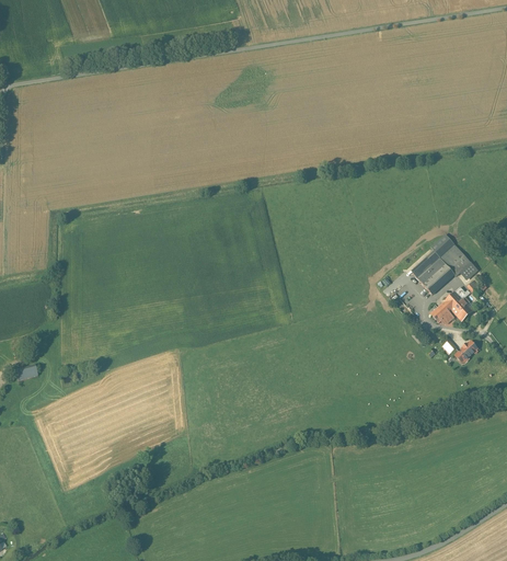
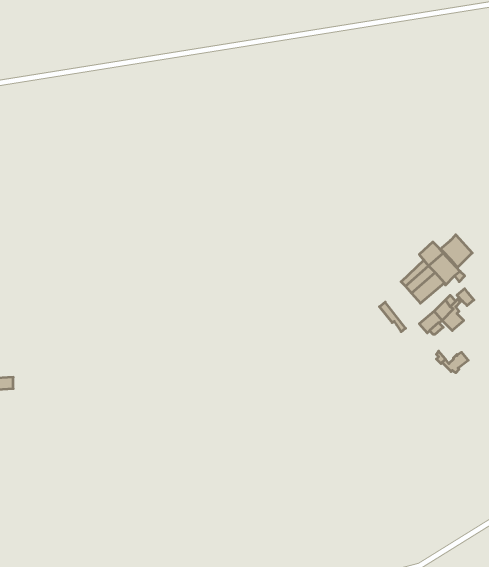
building: none -> [440,235,472,267]

